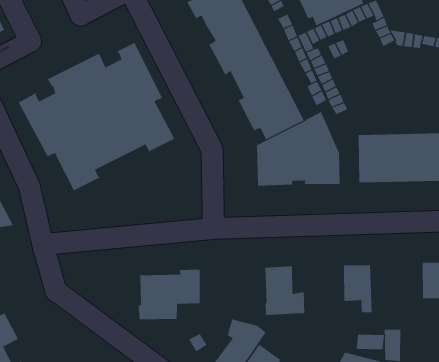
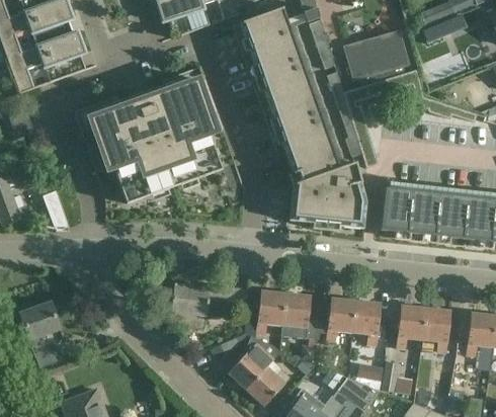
building: none -> [396,305,426,348]
building: none -> [317,298,356,340]
building: none -> [257,289,286,333]

